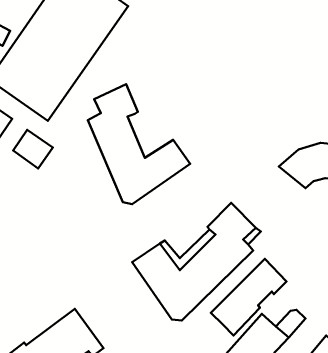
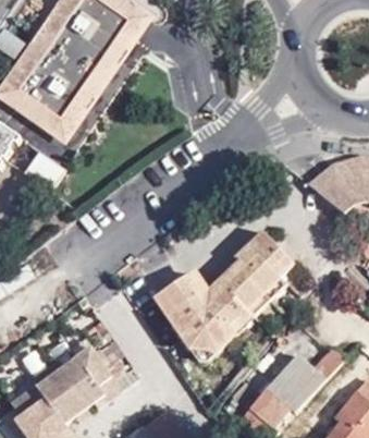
building: [88,84,190,204] -> none
building: [211,259,287,336] -> none

